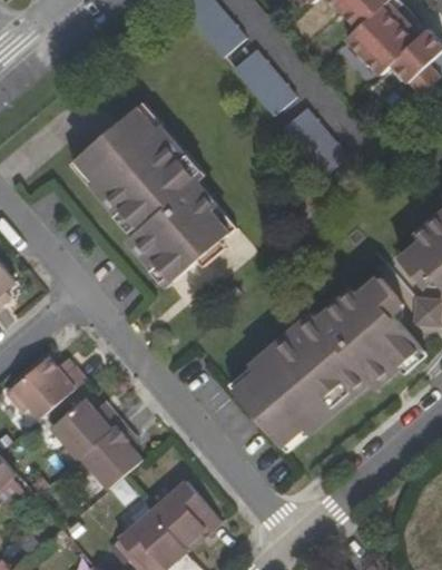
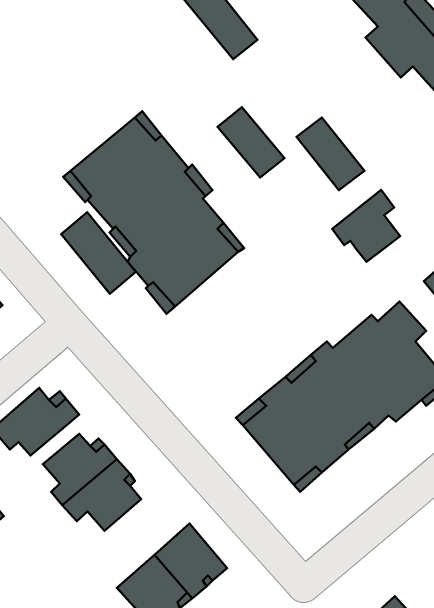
building: [235,49,296,114] -> [218,107,284,178]
building: none -> [332,190,400,262]
building: none -> [61,212,136,294]

